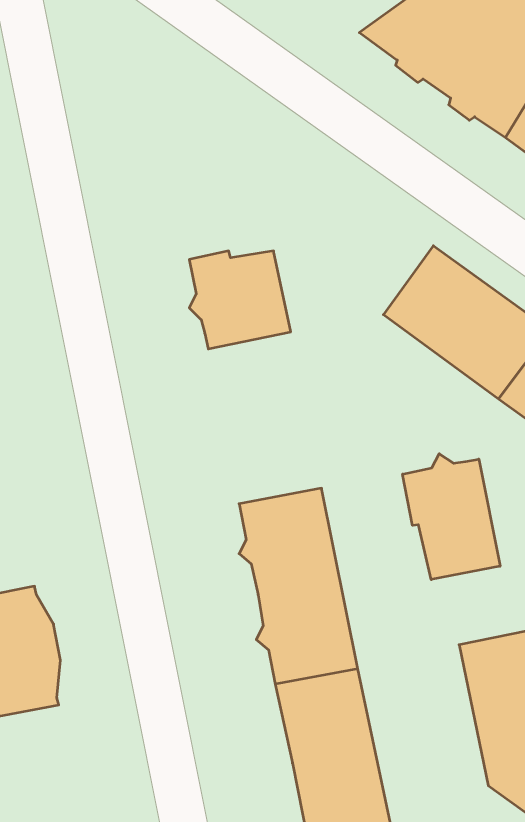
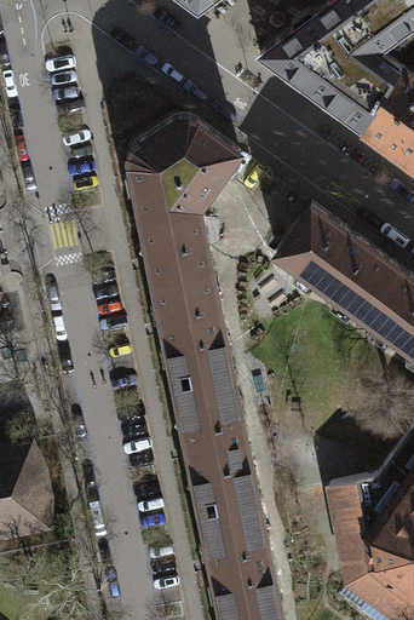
building: none -> [128,122,240,219]
building: none -> [153,270,232,391]
building: [403,454,500,580] -> none

